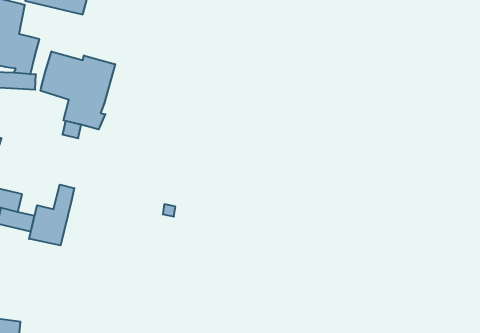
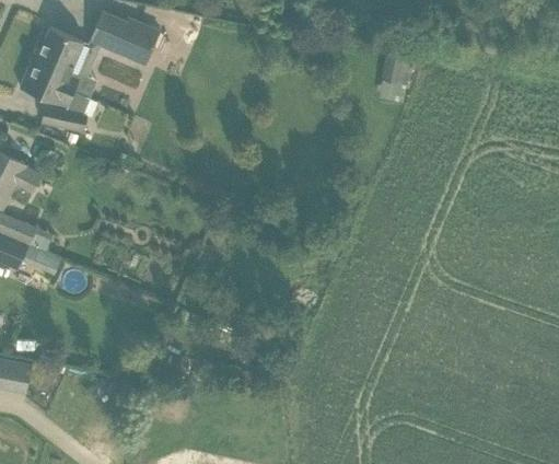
building: [41,51,115,129] -> none
building: [29,185,74,245] -> none

